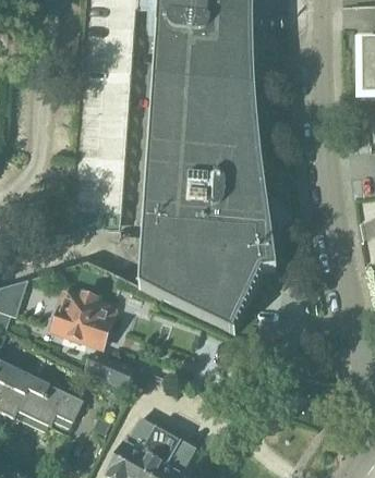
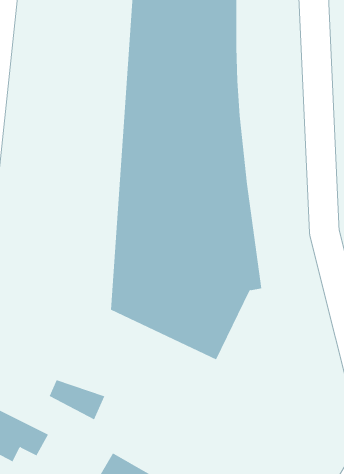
building: [51,292,112,344] -> none

